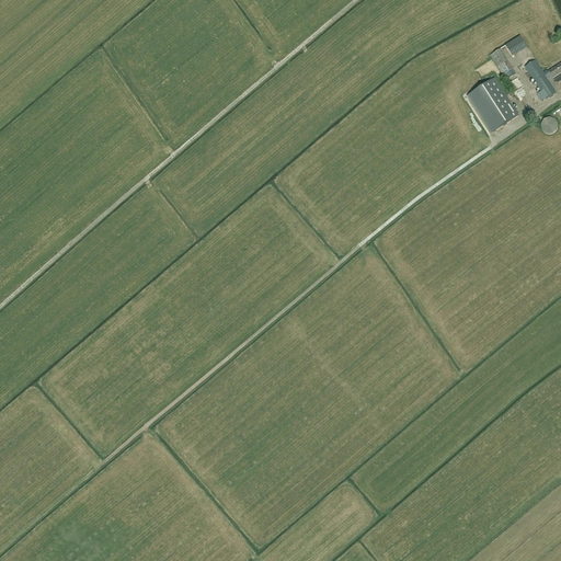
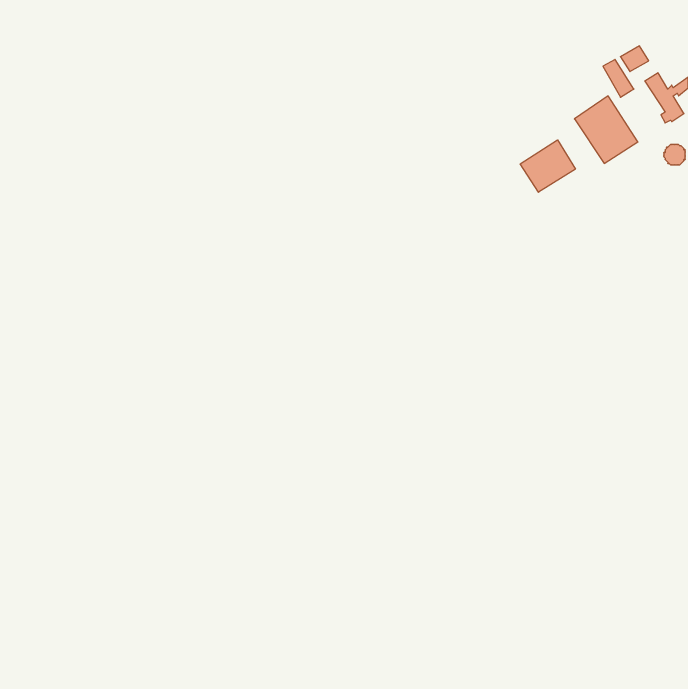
building: none -> [520,140,575,192]

